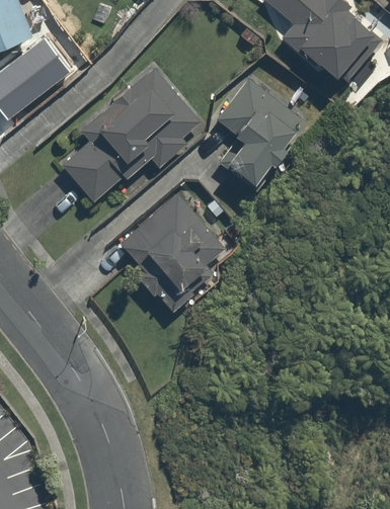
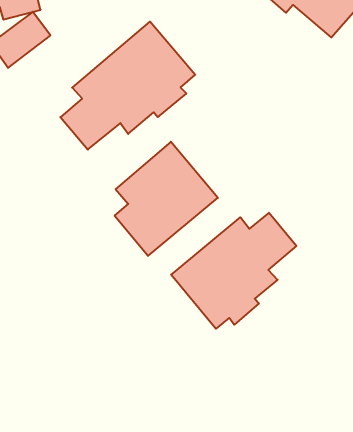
building: [208,72,314,189] -> none
building: none -> [171,213,296,329]

